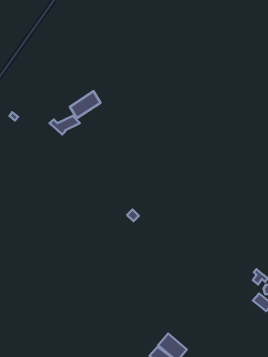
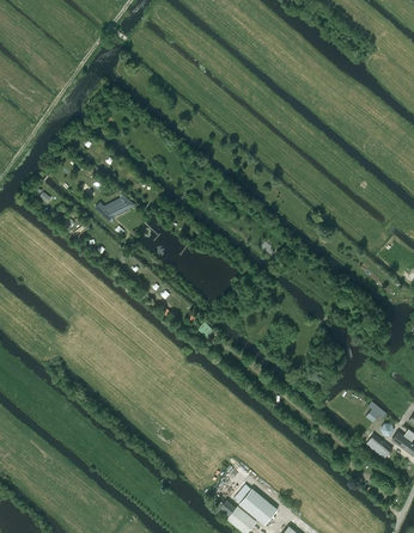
building: [70,91,101,118] -> none

